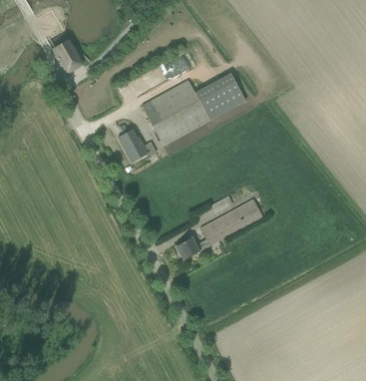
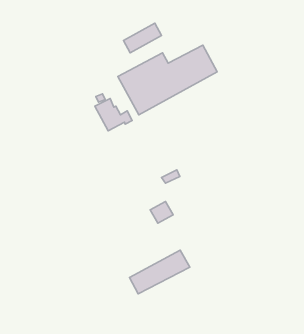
building: [55,41,83,72] -> none
building: [201,198,264,244] -> [130,250,190,294]

